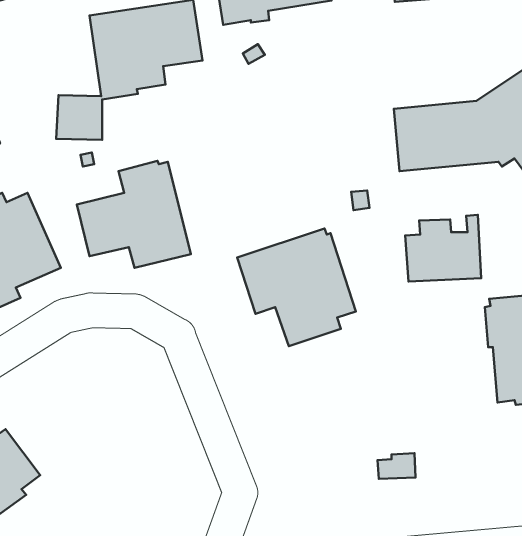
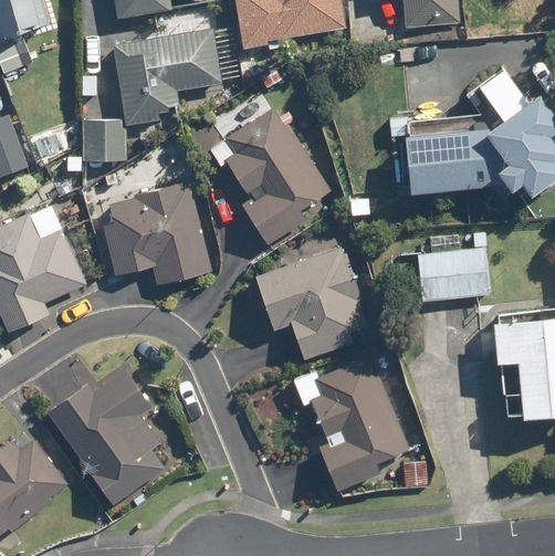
building: none -> [208,109,328,245]
building: none -> [290,357,412,492]
building: none -> [45,370,164,507]

